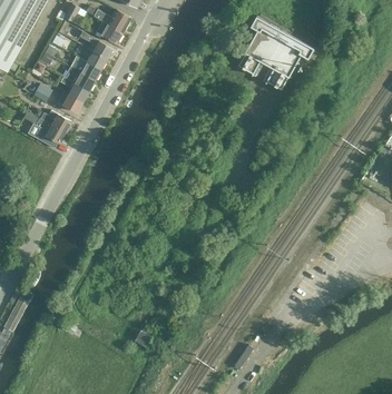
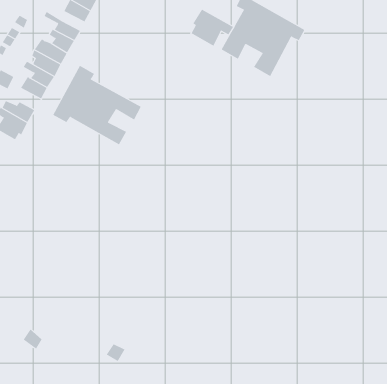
building: none -> [191,9,234,47]
building: none -> [53,65,142,145]

